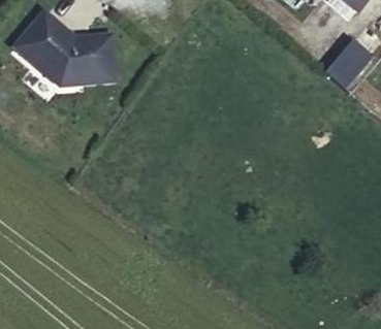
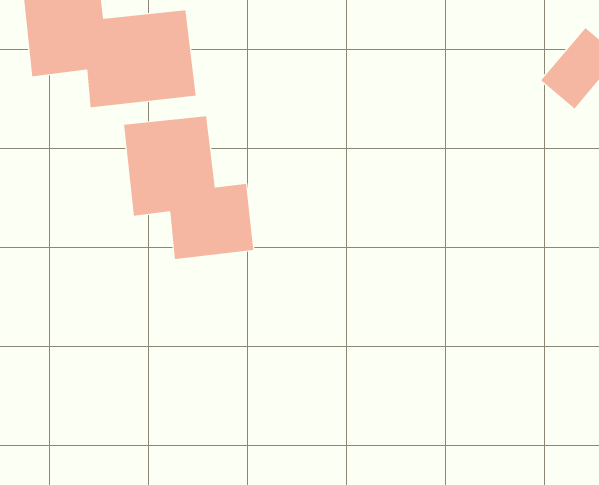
building: none -> [123,116,254,260]

